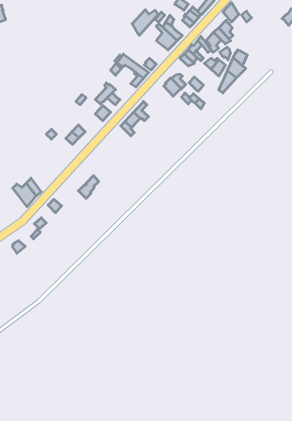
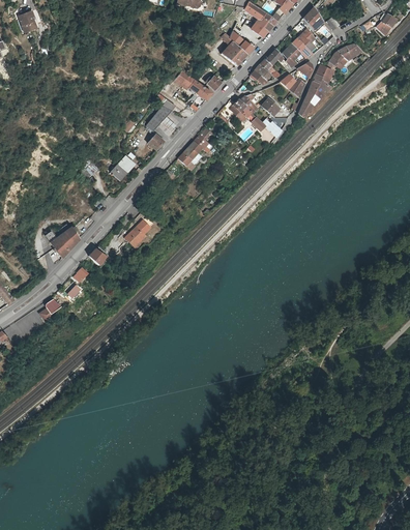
building: [132,10,158,35] -> none
building: none -> [329,43,362,70]

